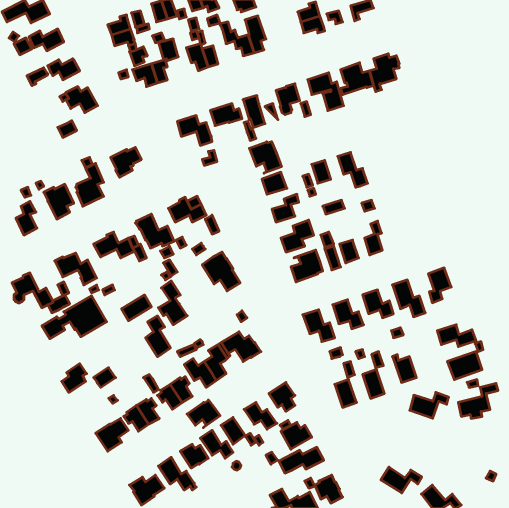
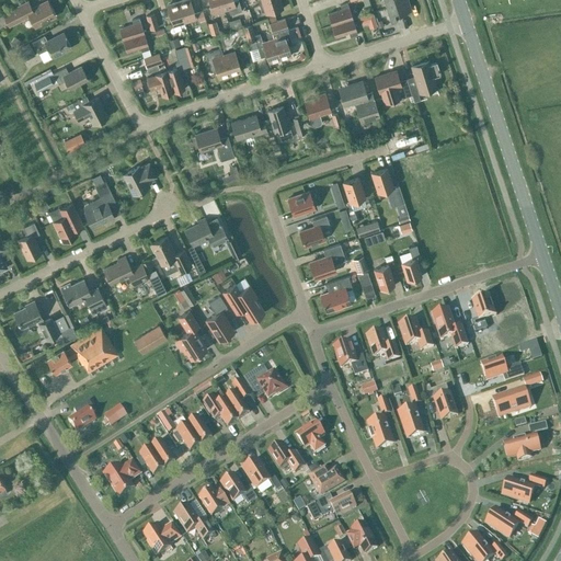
building: [249,142,281,173] -> none
building: [146,316,170,357] -> [206,295,233,340]
building: [410,392,449,418] -> [503,474,546,503]
building: [187,400,220,428] -> none
building: [381,467,422,493] -> [486,508,531,537]

